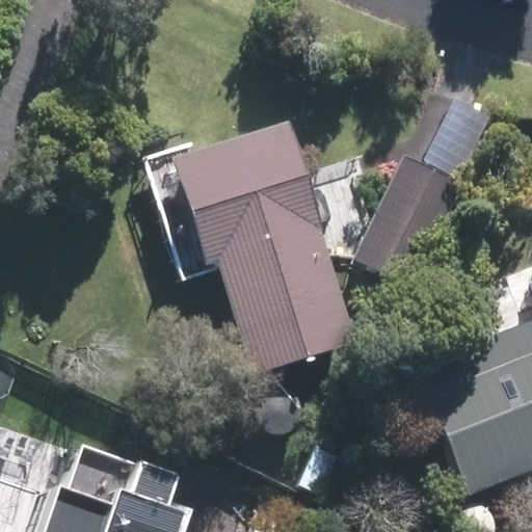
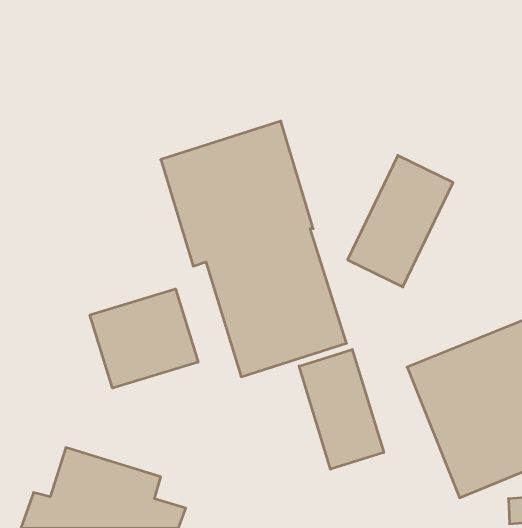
building: none -> [90,289,198,388]
building: none -> [299,349,384,469]

